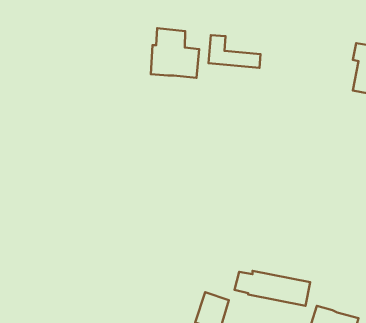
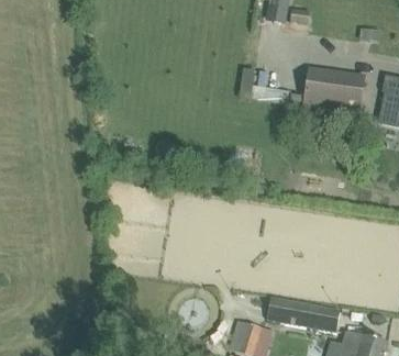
building: [151,28,199,78] -> none
building: none -> [303,68,364,112]

